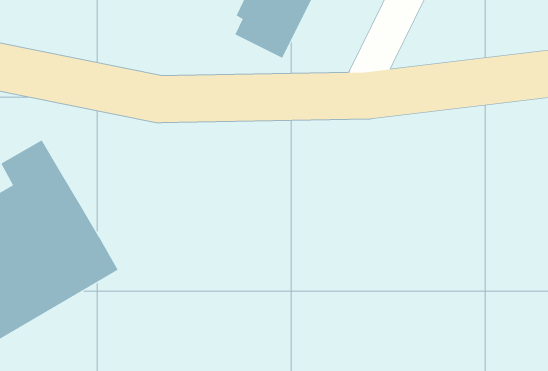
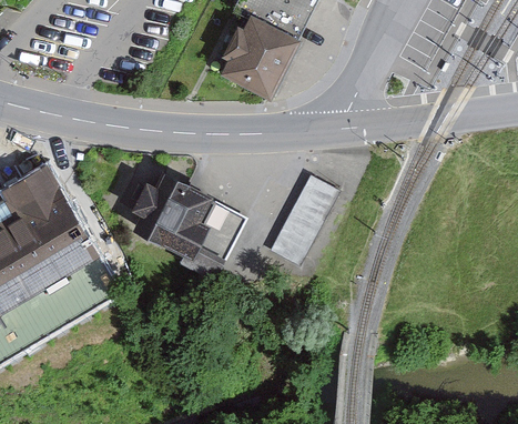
building: none -> [135,174,244,275]
building: none -> [271,175,337,263]

